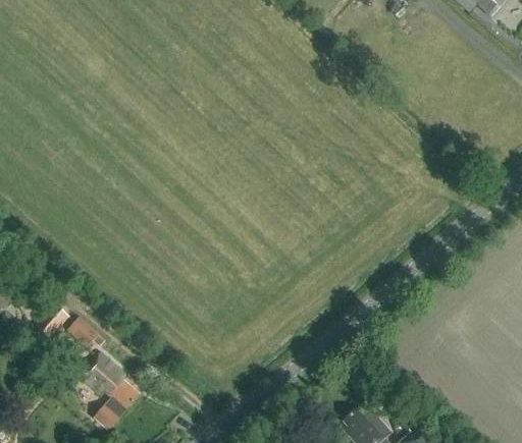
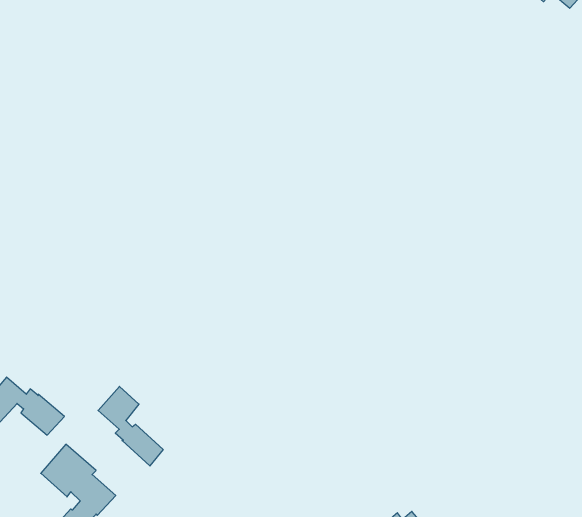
building: none -> [98,386,163,466]

